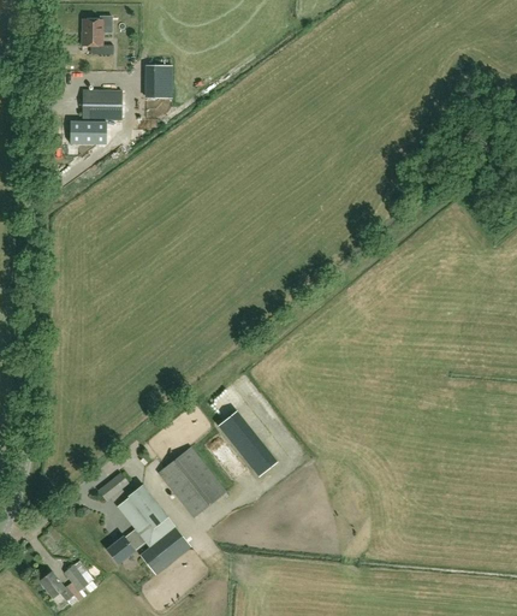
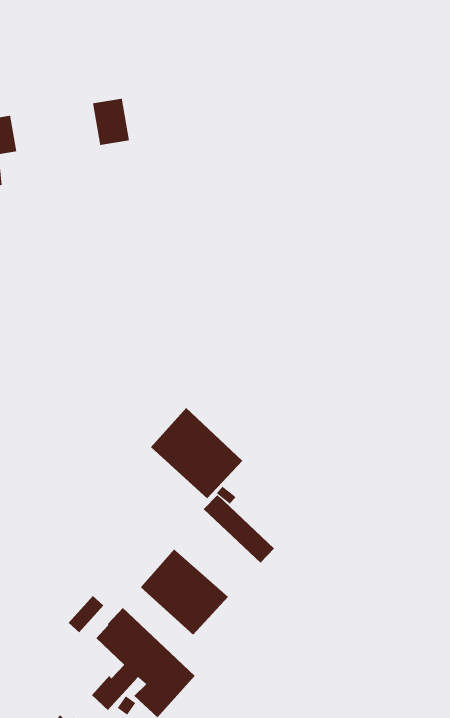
building: [148,65,172,99] -> [92,98,130,146]
building: none -> [150,407,243,499]

